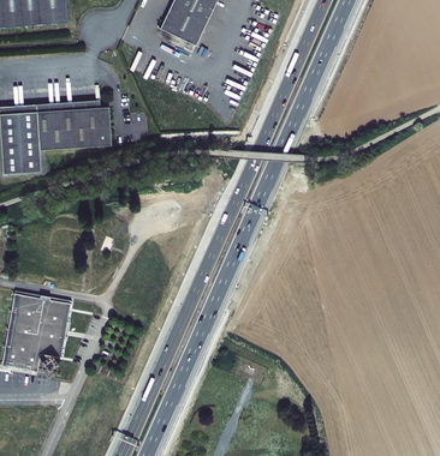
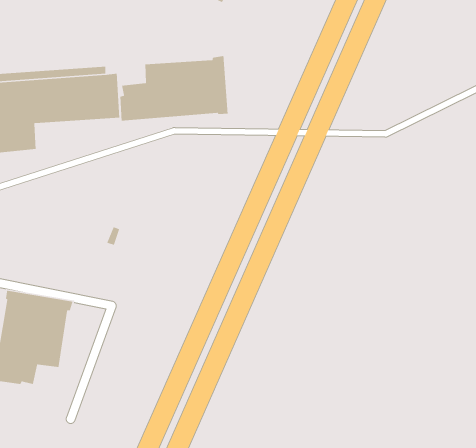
building: none -> [120,55,229,121]

